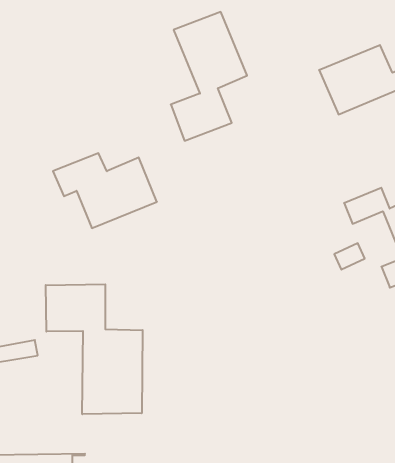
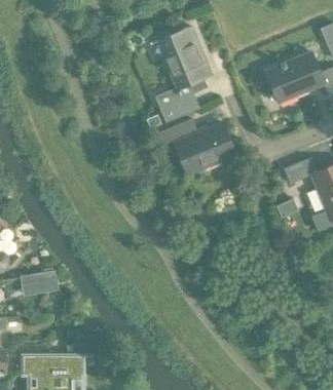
building: [53,153,157,228] -> [158,119,235,174]
building: [46,284,143,414] -> none

